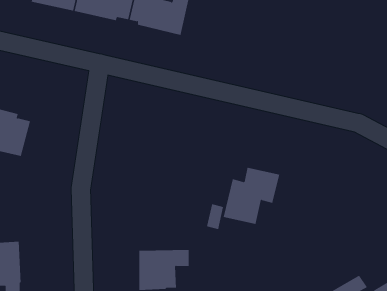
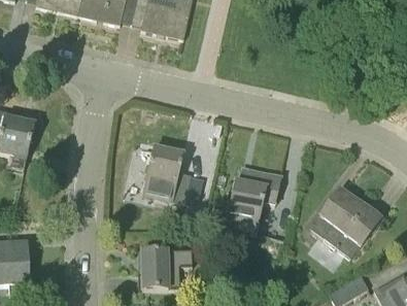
building: none -> [140,147,191,206]
building: none -> [310,189,379,258]

